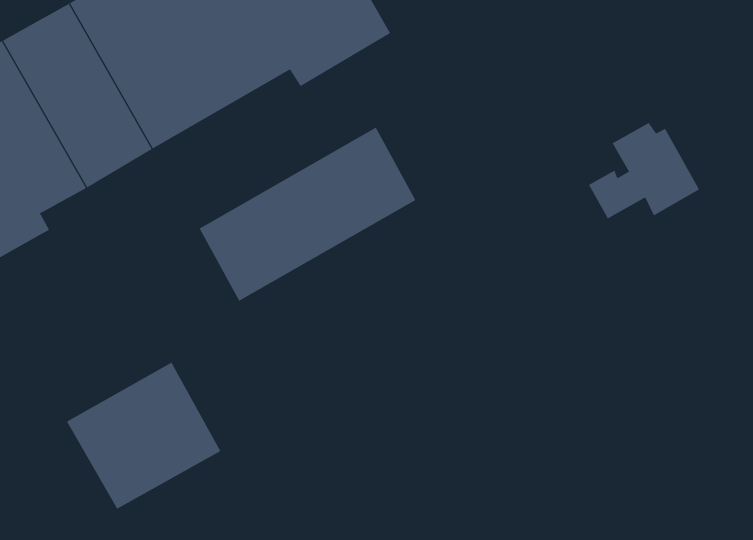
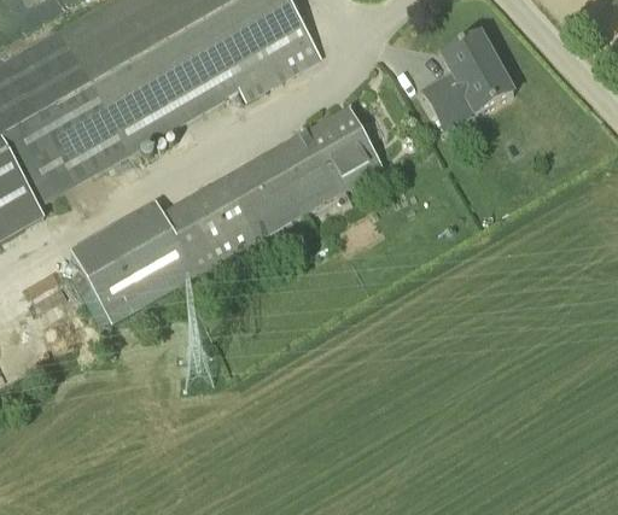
building: none -> [308,107,383,191]
building: [588,122,700,219] -> [422,39,513,117]
building: [66,362,221,509] -> [71,200,197,320]

